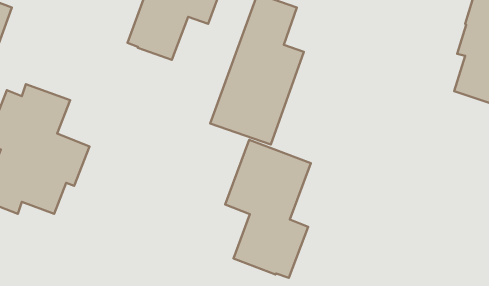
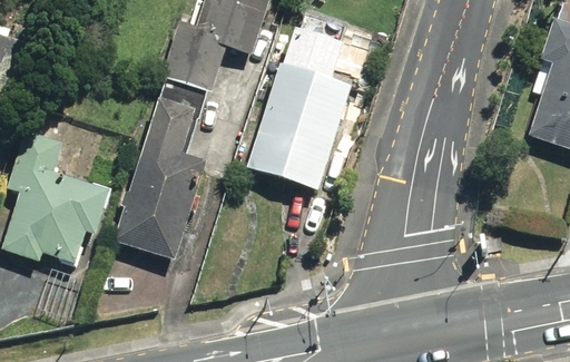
building: none -> [110,99,210,265]
building: [225,140,311,278] -> none

